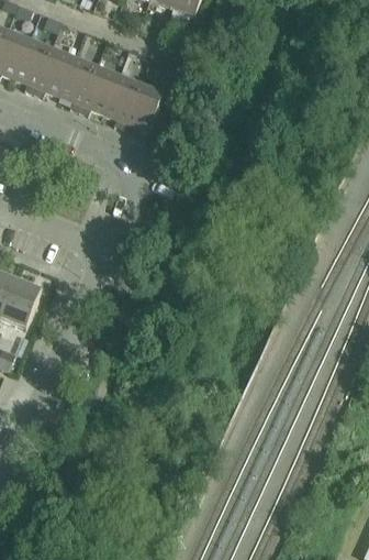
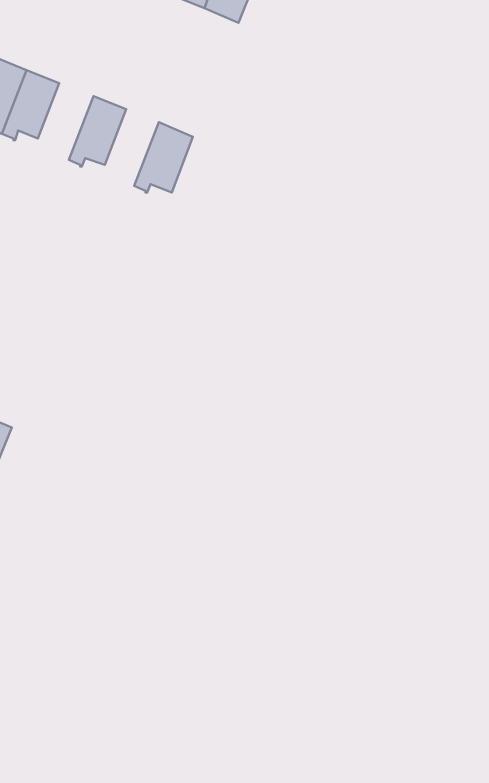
building: [58,56,96,108] -> none
building: [103,74,139,125] -> none

